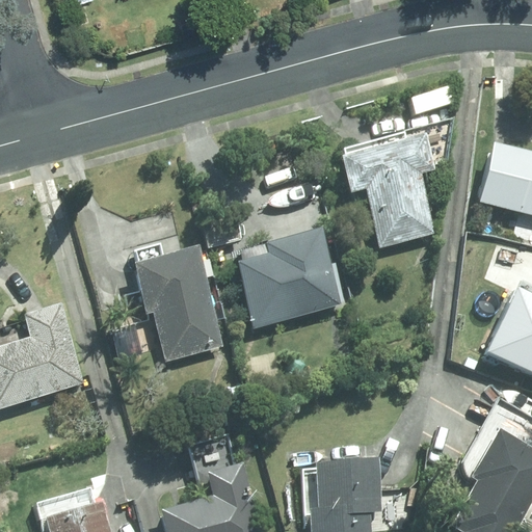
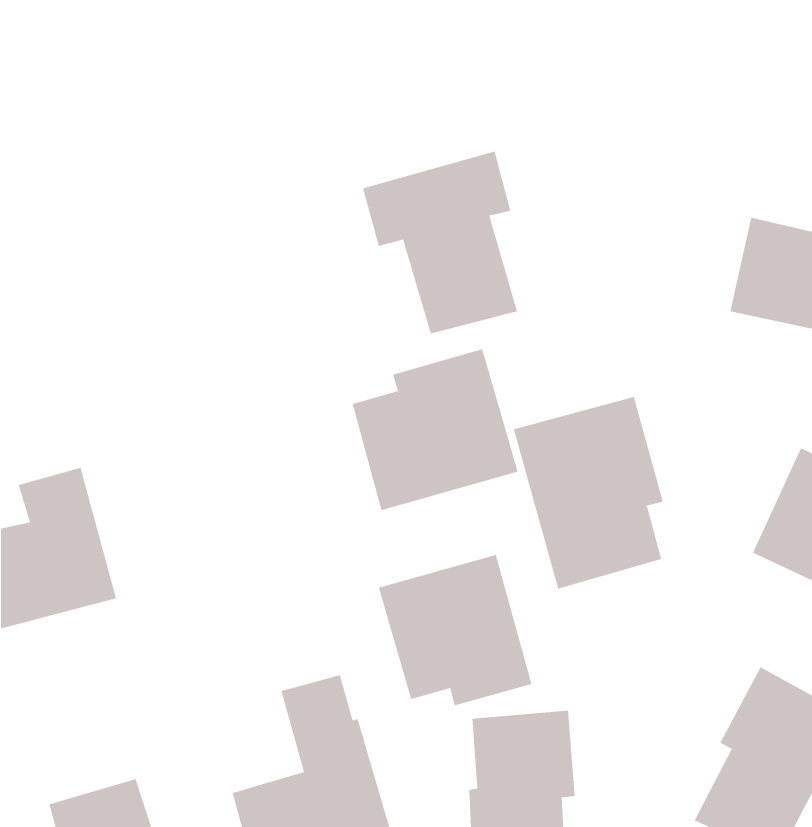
building: [337,130,436,247] -> [362,151,518,334]
building: [132,244,225,363] -> none
building: none -> [513,396,663,590]
building: none -> [378,554,532,706]

